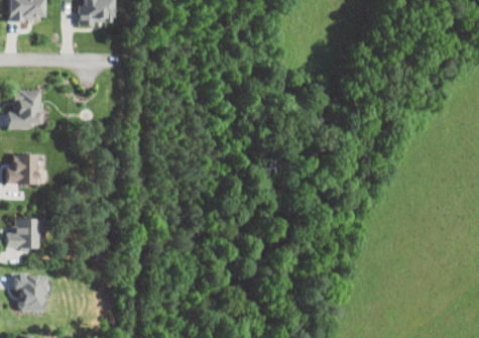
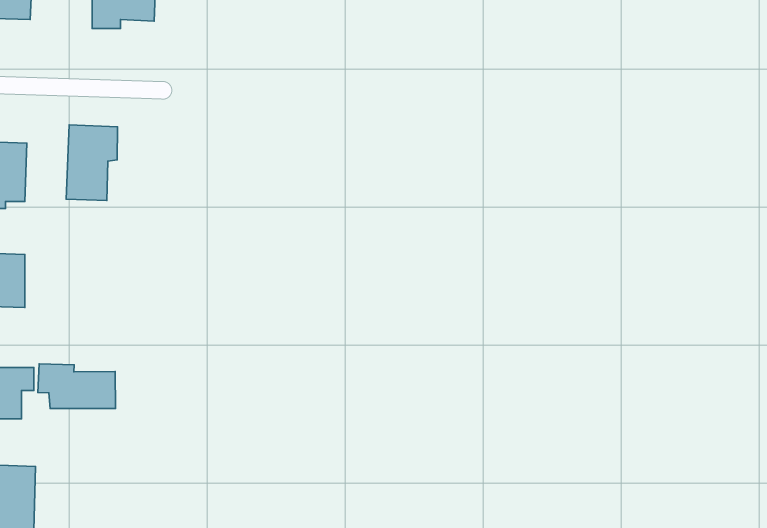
building: none -> [66,125,118,200]
building: none -> [38,364,116,409]

